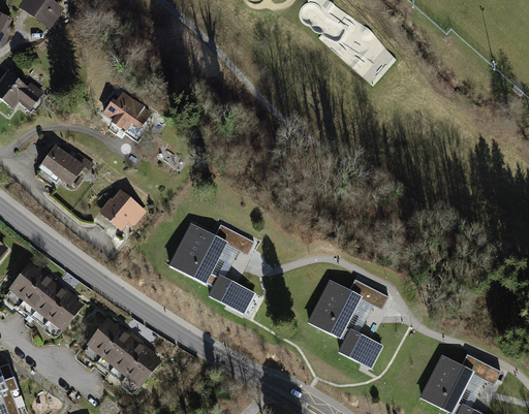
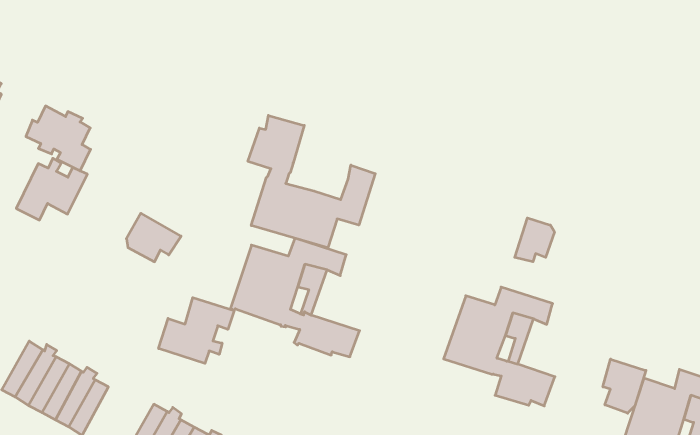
building: [104,94,149,141] -> [26,106,91,171]
building: none -> [248,115,375,248]
building: none -> [515,218,554,262]
building: none -> [159,298,234,363]
building: none -> [603,359,646,413]

